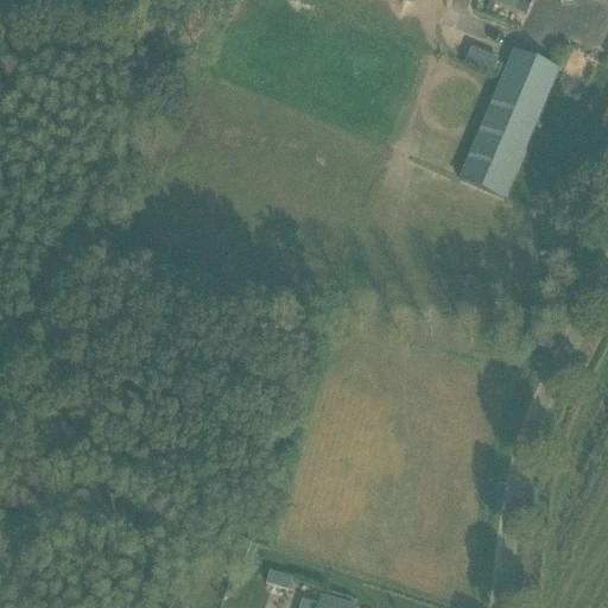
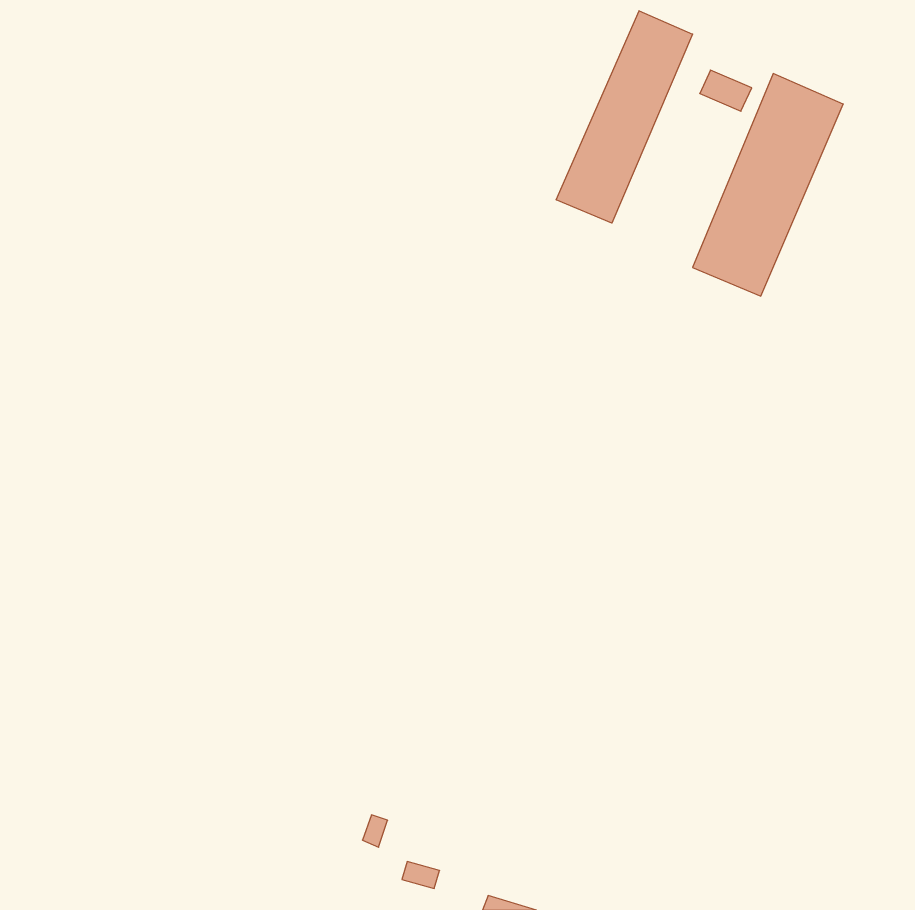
building: none -> [556,11,693,223]

